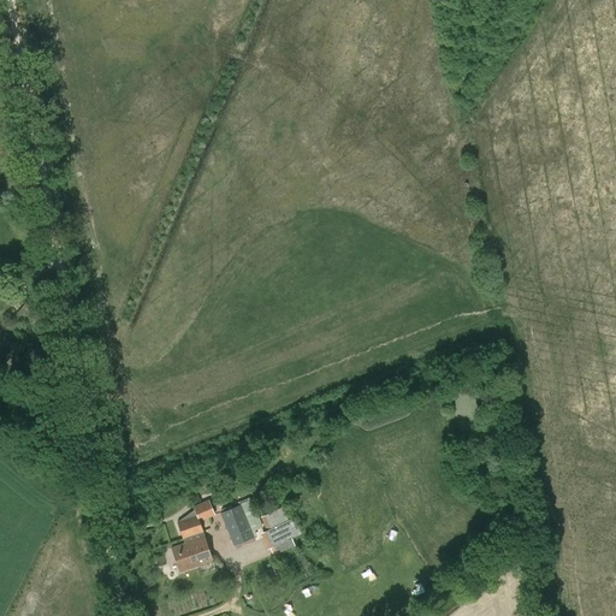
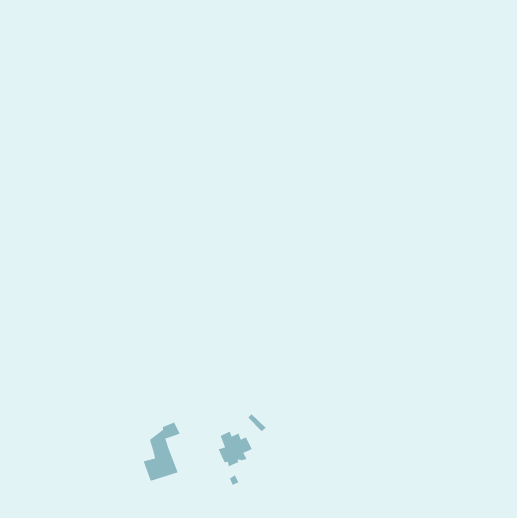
building: [218,500,261,546] -> none

